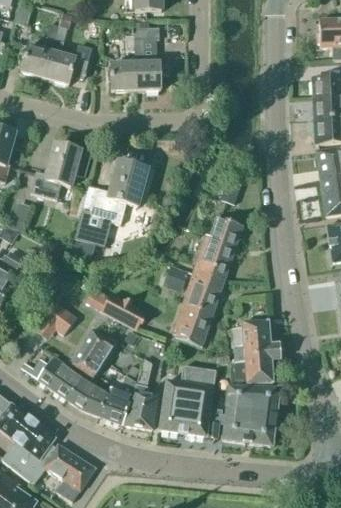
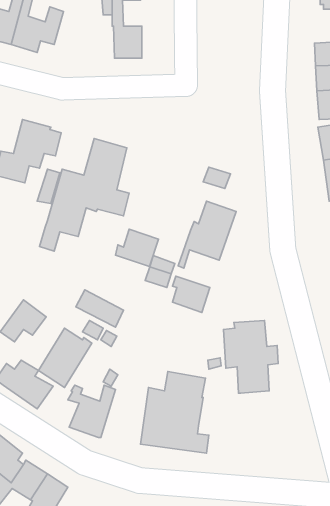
building: [110,62,136,91] -> none
building: [190,259,228,292] -> [115,229,159,267]
building: [173,305,213,348] -> none
building: [124,358,157,429] -> none
building: [209,362,279,445] -> none
building: [66,365,105,415] -> none

